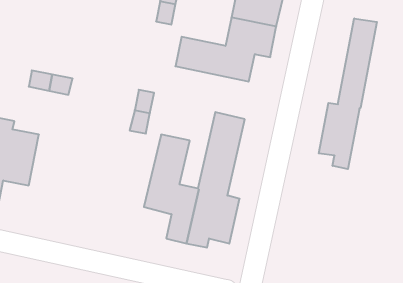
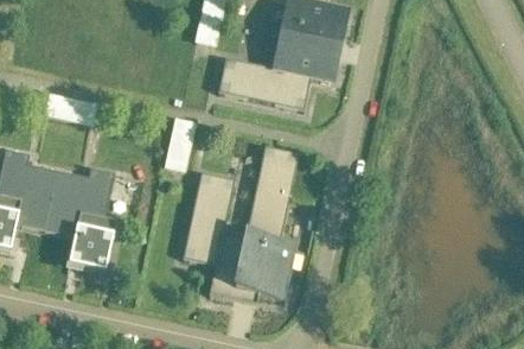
building: [319,18,377,169] -> none
building: none -> [46,167,116,272]

